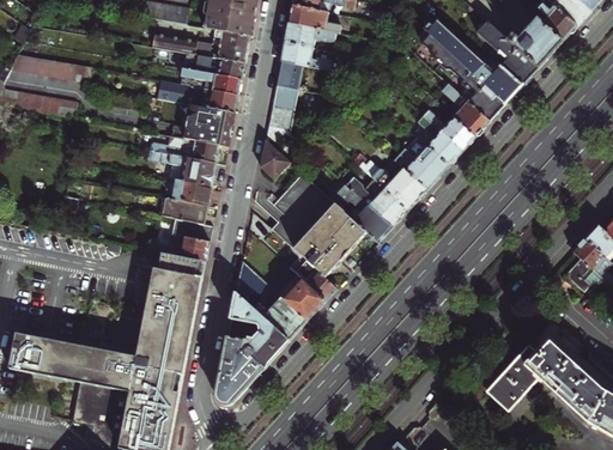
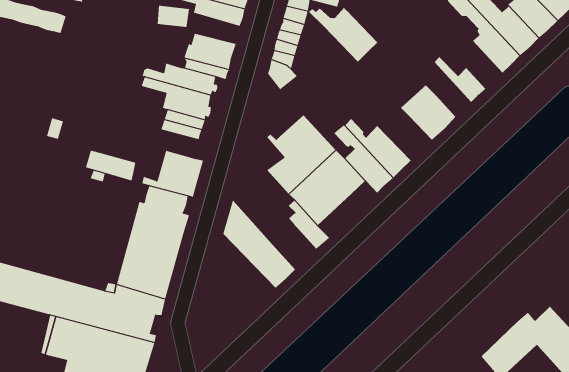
building: [441,83,488,136] -> none
building: [188,85,237,111] -> none
building: [417,115,461,165] -> none
building: [261,138,290,178] -> none
building: [358,158,426,209] -> [308,7,378,62]
building: [158,196,206,223] -> [85,150,136,181]
building: [283,278,324,321] -> none
building: [217,292,289,405] -> none

